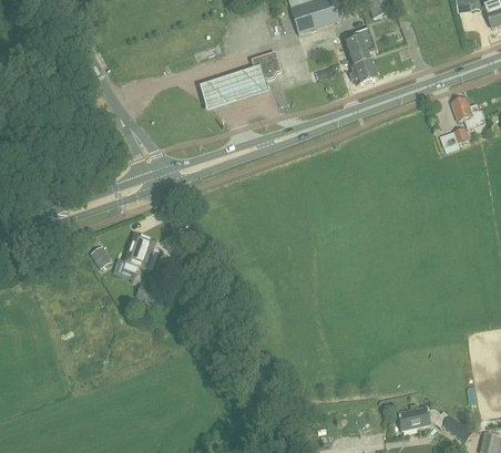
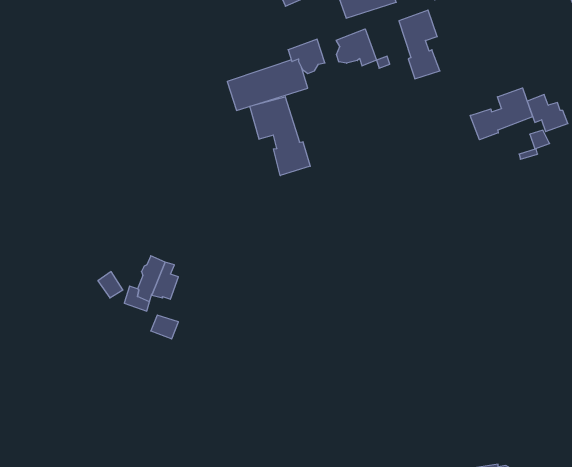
building: none -> [336,29,377,66]
building: none -> [470,88,532,140]
building: none -> [250,97,310,176]

